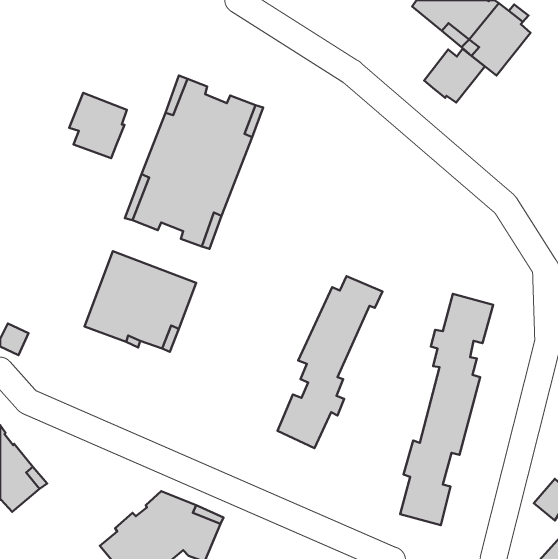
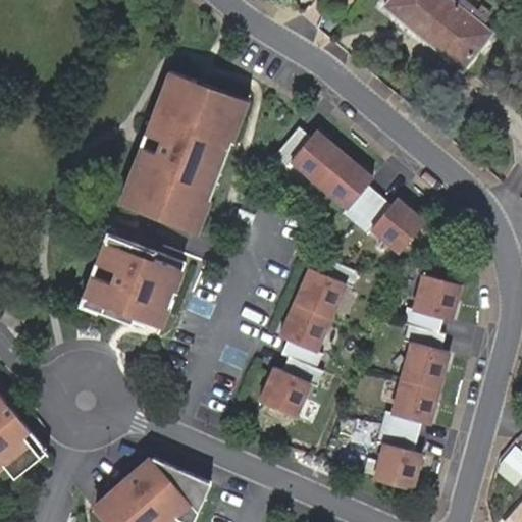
building: [424,49,485,103] -> none
building: [69,93,127,158] -> none
building: none -> [273,127,424,253]

